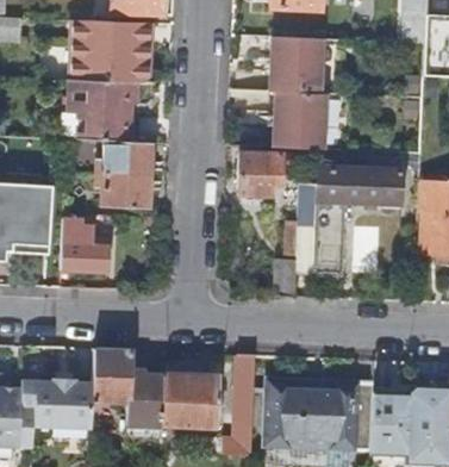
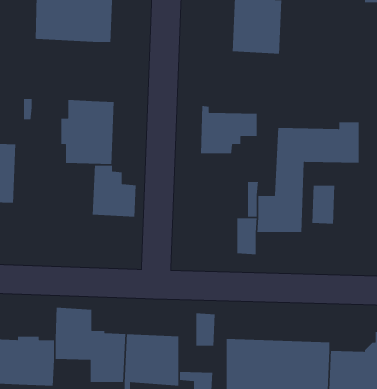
building: [70,77,136,139] -> none
building: [274,91,325,148] -> none
building: [62,217,107,270] -> [92,165,136,218]

